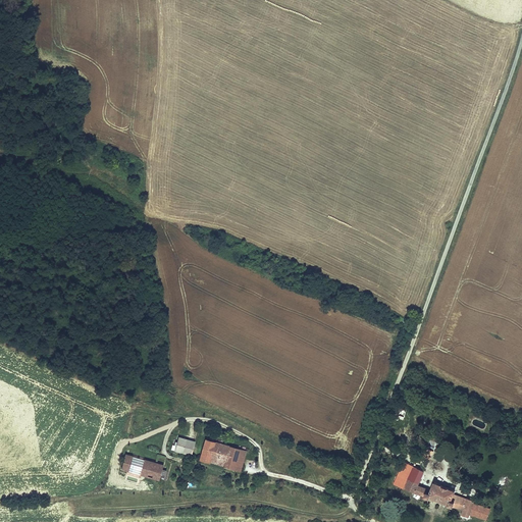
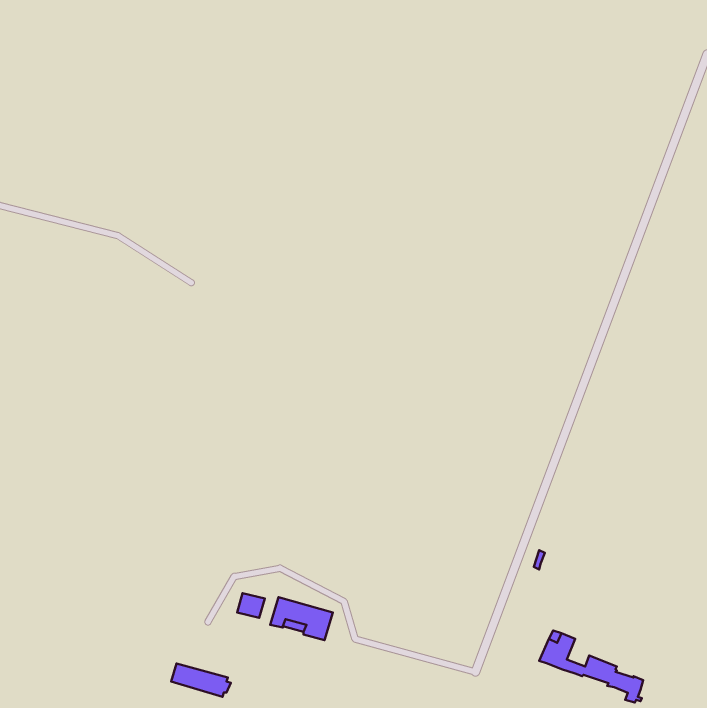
building: [120,455,164,479] -> [171,664,231,697]

